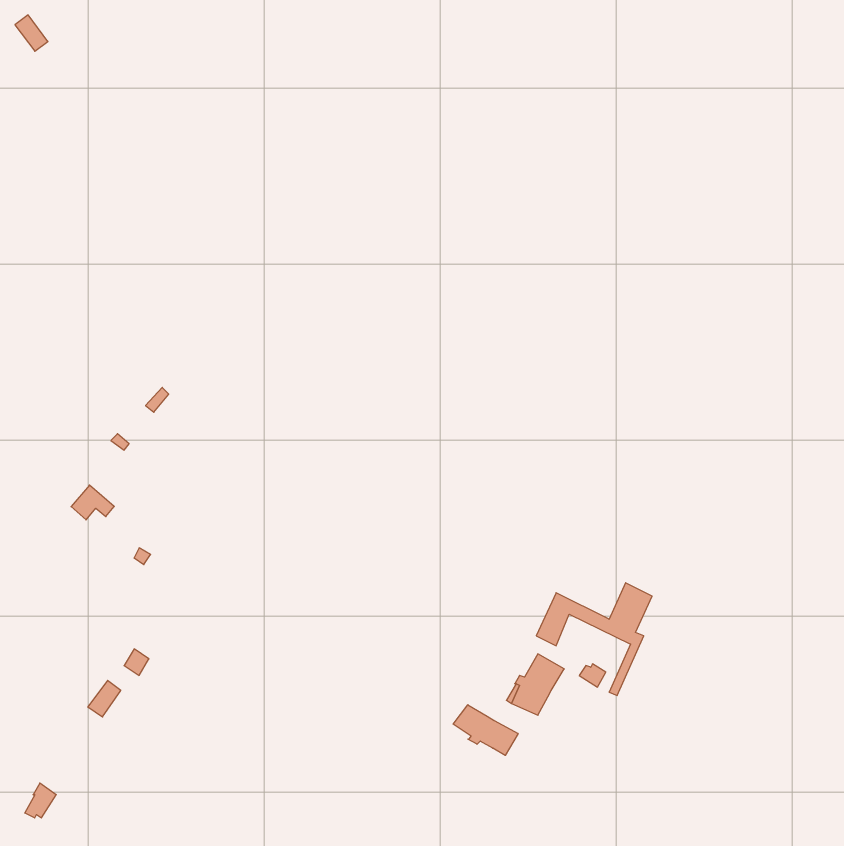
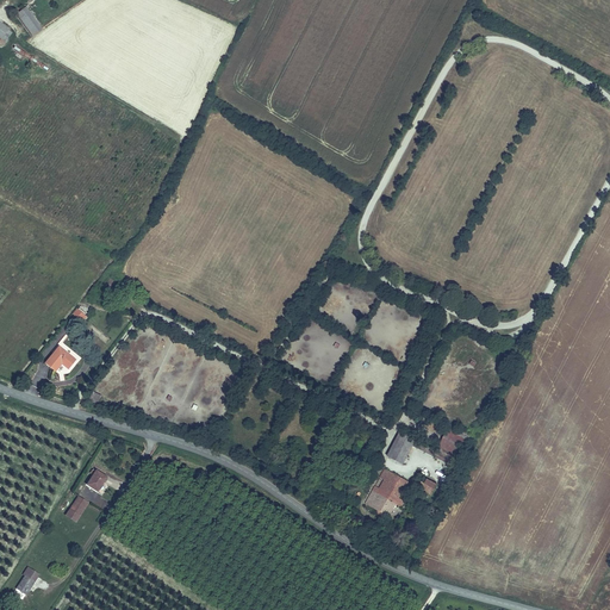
building: [453,705,518,755] -> none

